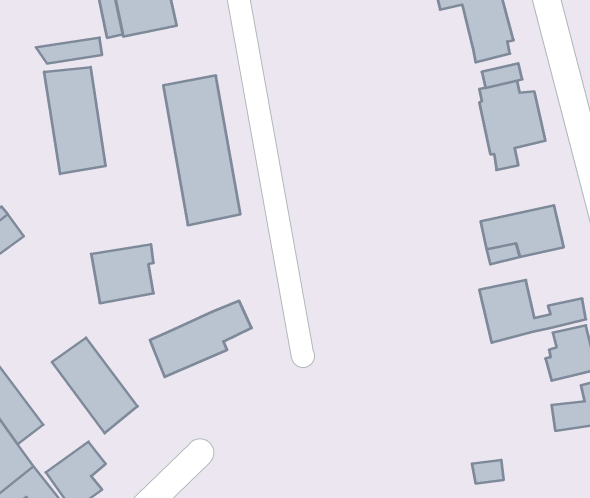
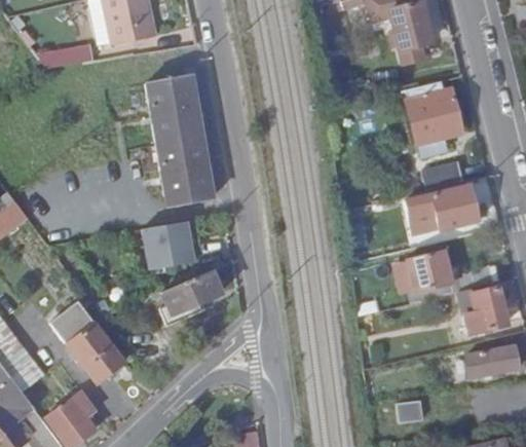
building: [44,67,105,174] -> none
building: none -> [427,164,468,193]
building: [91,244,154,303] -> [142,220,194,269]

